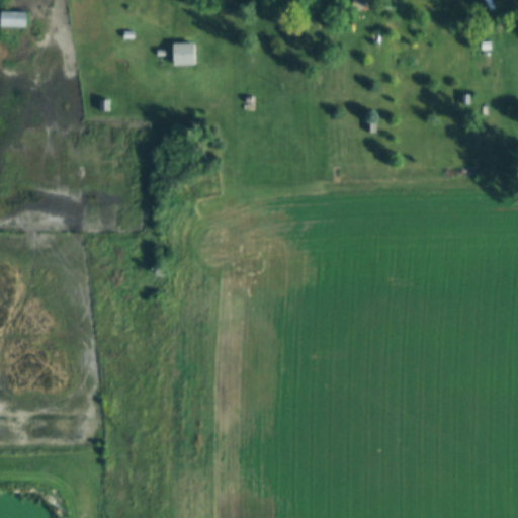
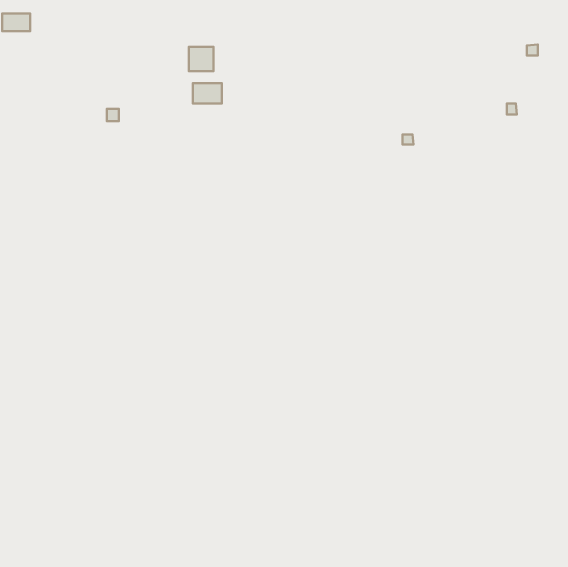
building: none -> [193,83,222,104]

